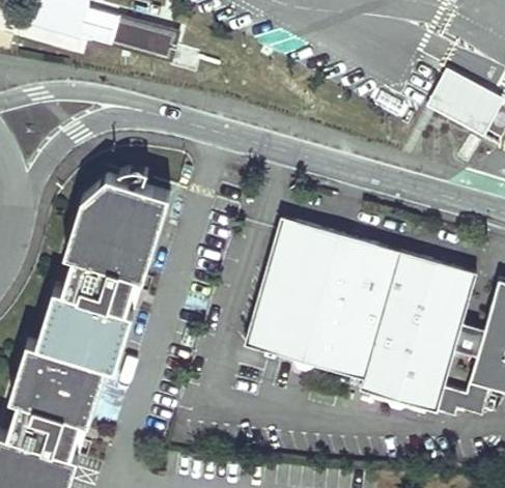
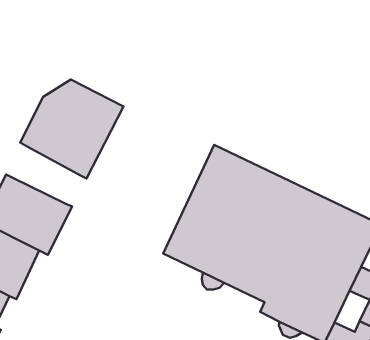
building: [65,253,140,308] -> none

